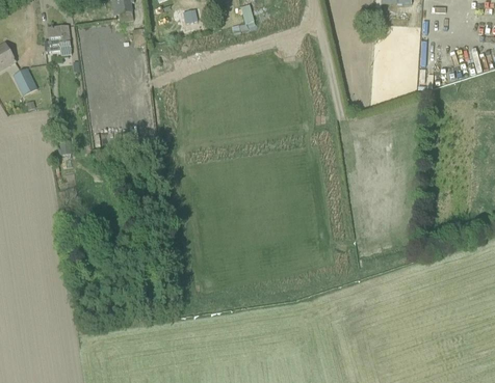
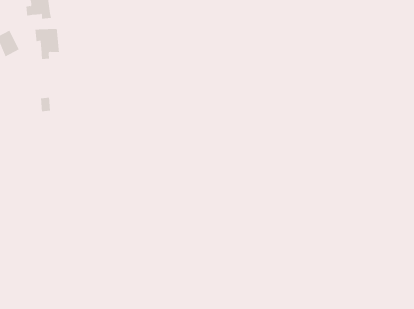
building: none -> [35,28,60,60]

